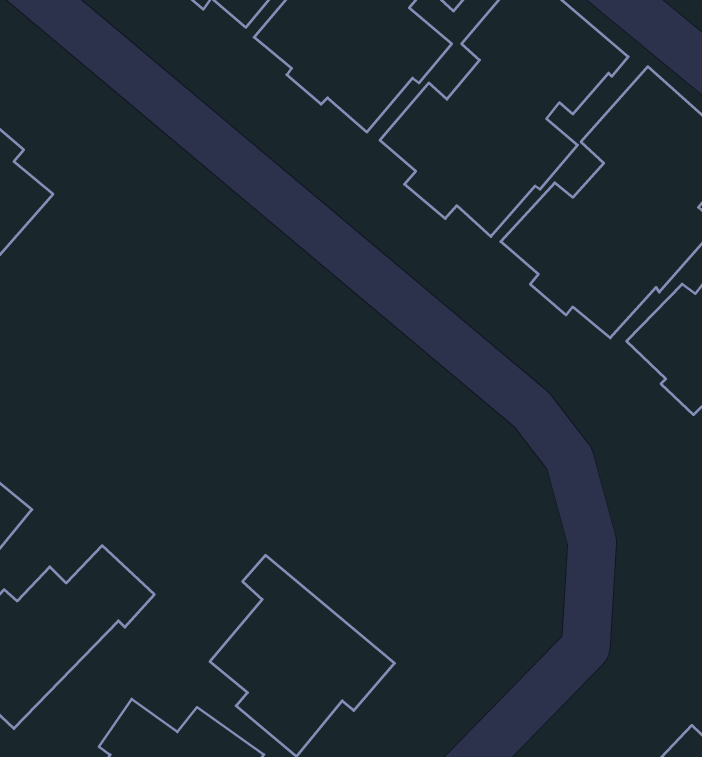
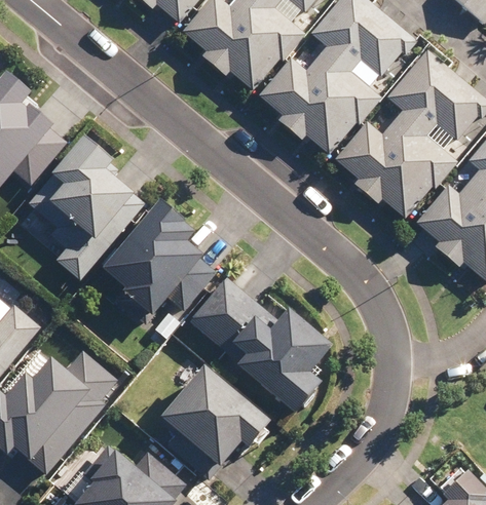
building: none -> [28,135,136,279]
building: none -> [101,200,202,318]
building: none -> [187,270,335,420]

